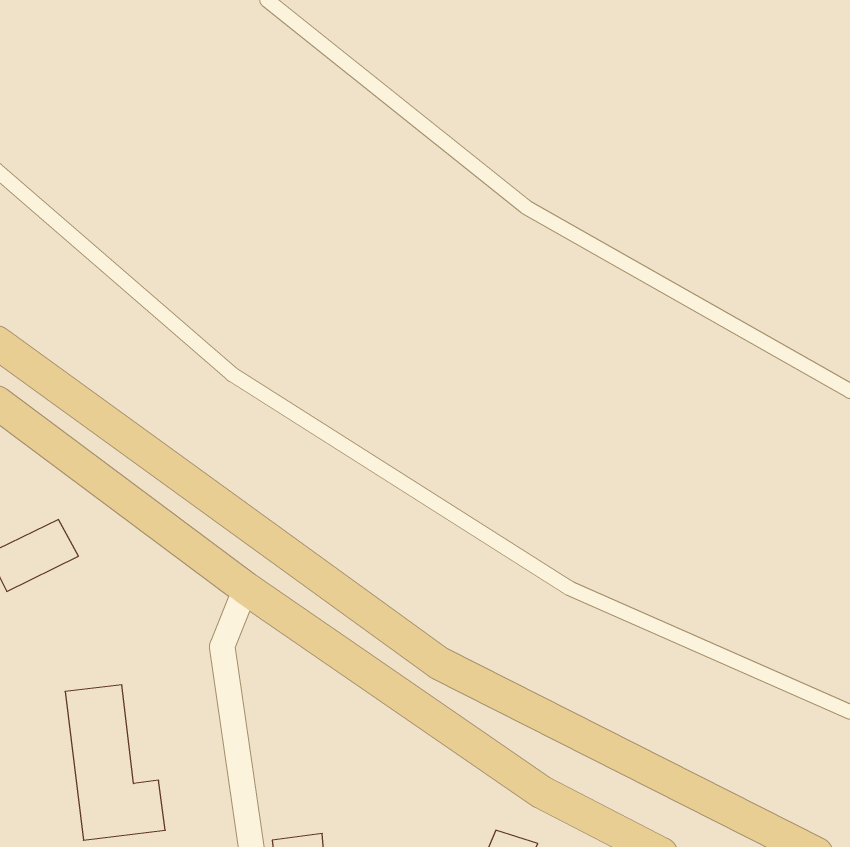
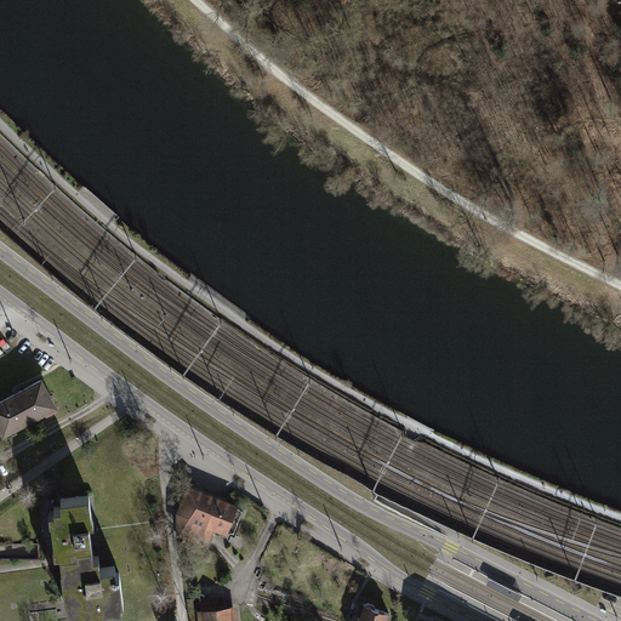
building: none -> [175,488,237,545]

